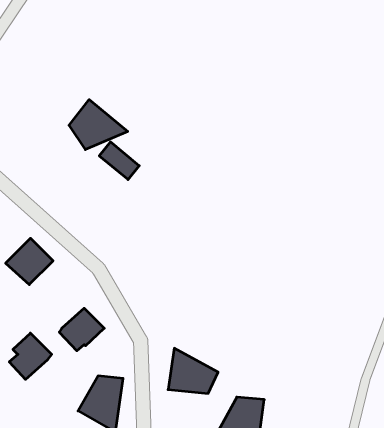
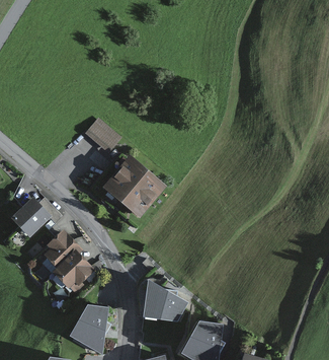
building: [69,100,128,150] -> none
building: none -> [105,159,162,216]
building: [9,333,52,379] -> [44,231,78,269]

